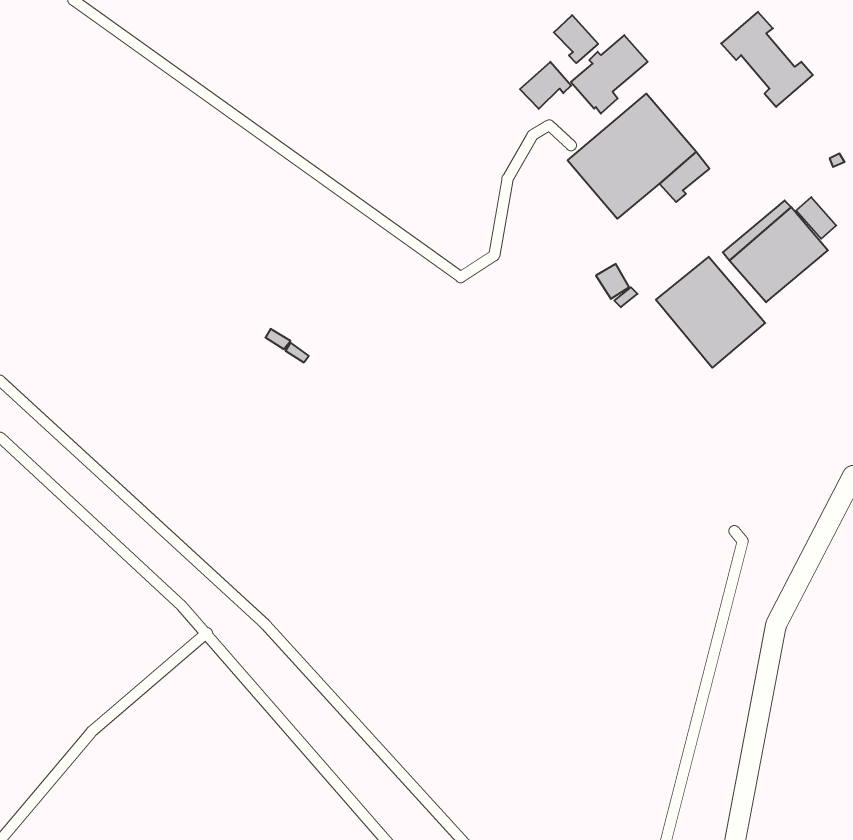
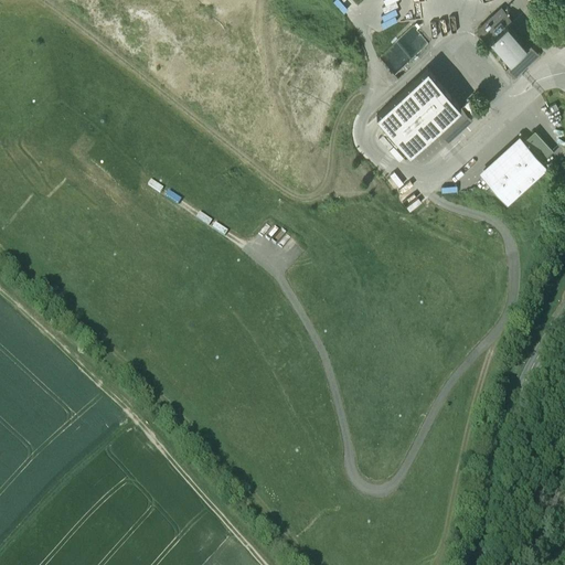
building: [554,15,598,63] -> none
building: [520,62,571,109] -> none
building: [656,257,765,368] -> none

